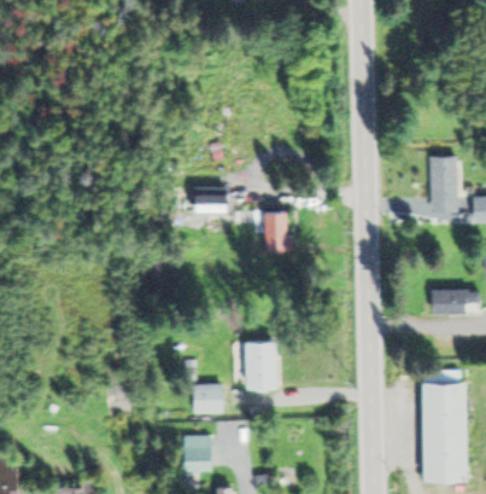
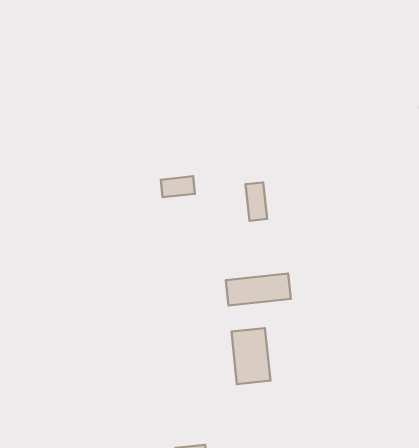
building: none -> [226,274,291,305]
building: [193,389,219,414] -> none

